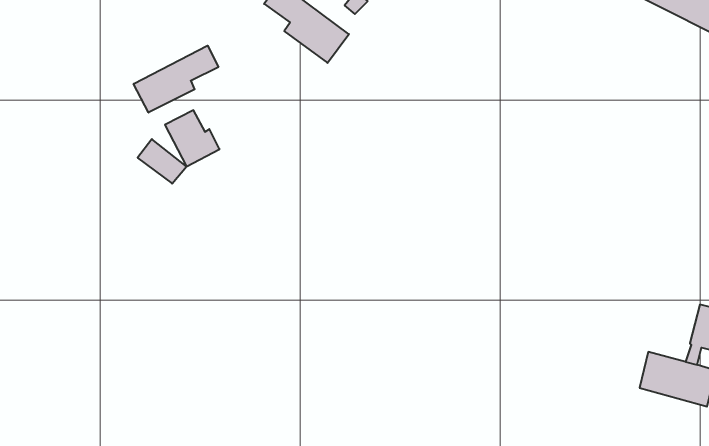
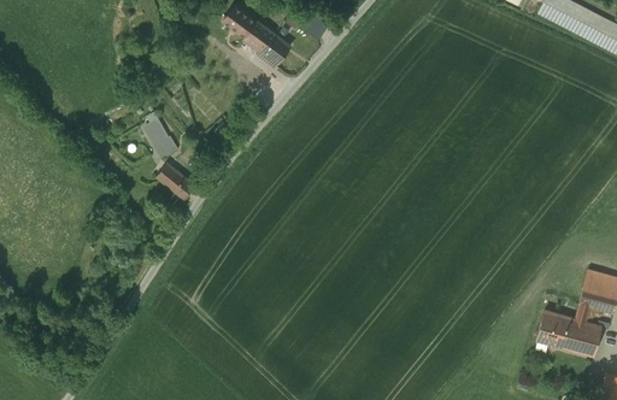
building: [134,46,218,113] -> none
building: [138,139,186,184] -> [158,160,199,198]

